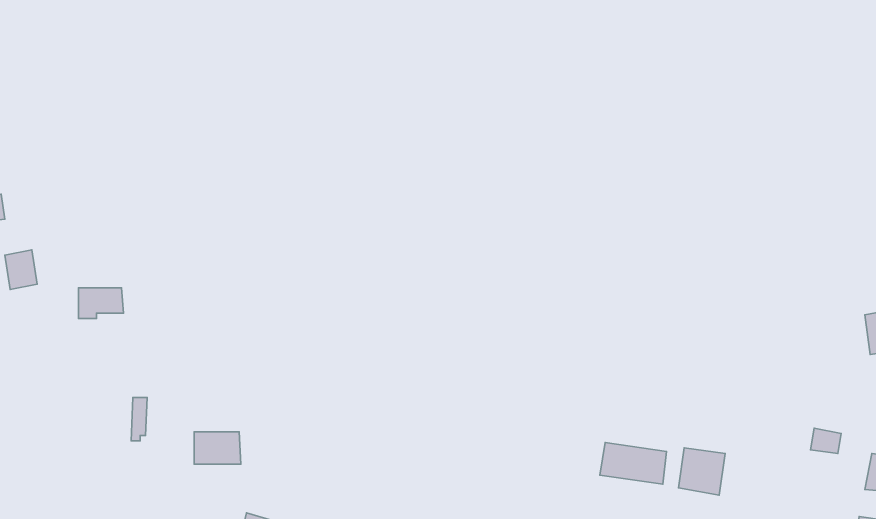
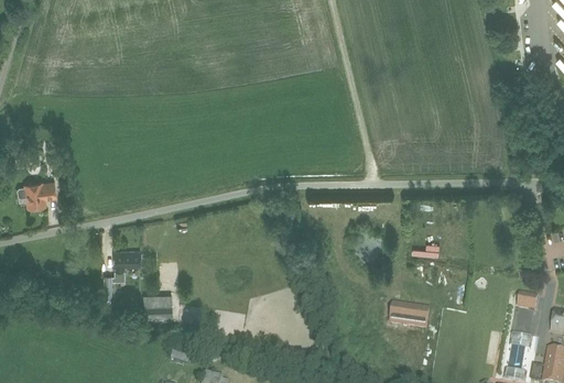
building: [78,288,123,319] -> [115,252,142,271]
building: [679,448,725,495] -> none

